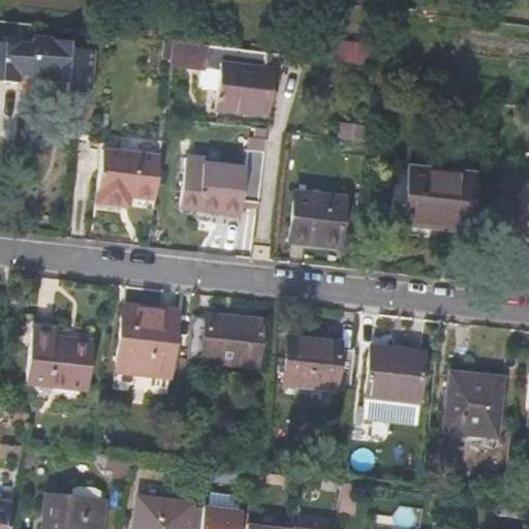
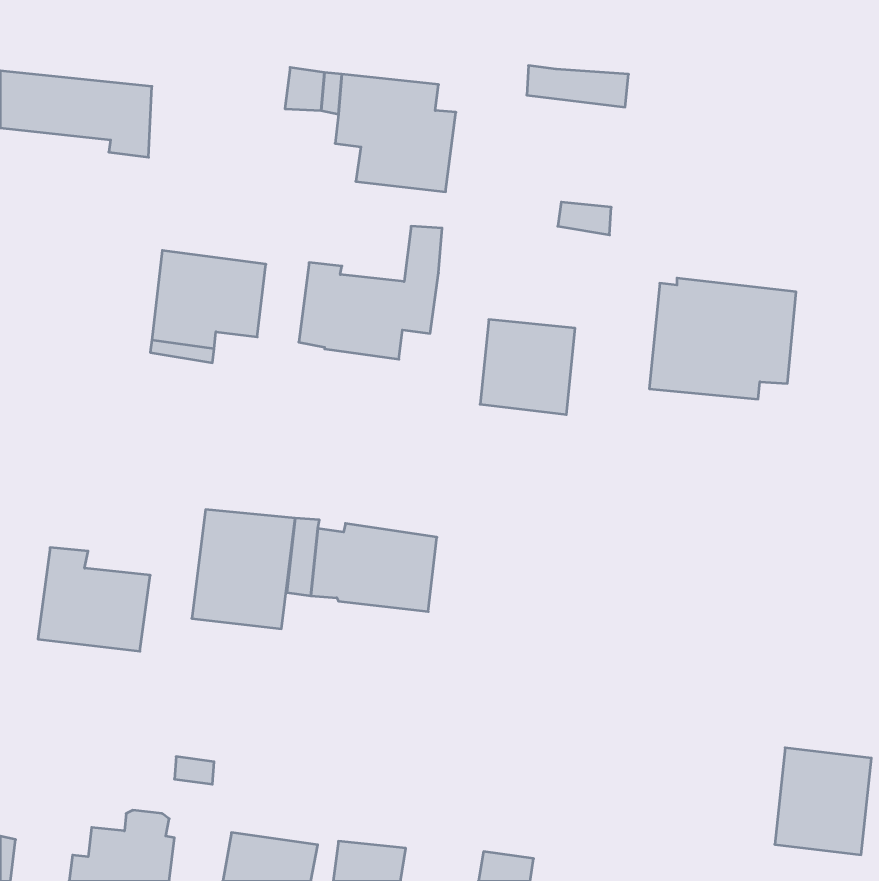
building: [283,338,354,391] -> none
building: [366,347,424,425] -> none
building: [445,372,503,436] -> [775,748,871,855]

